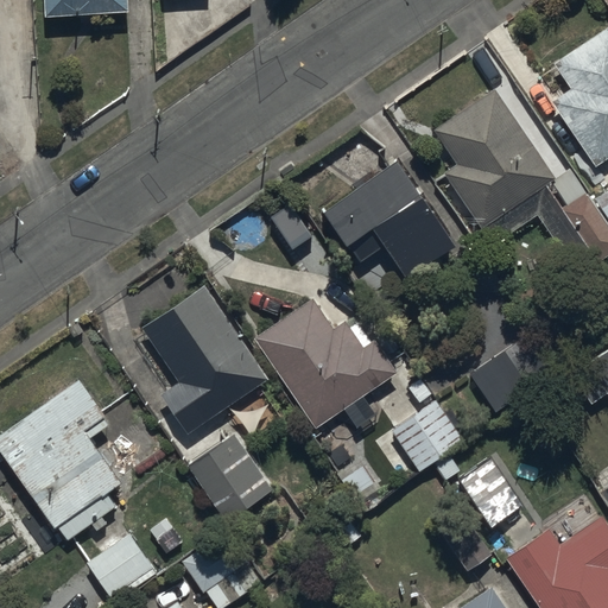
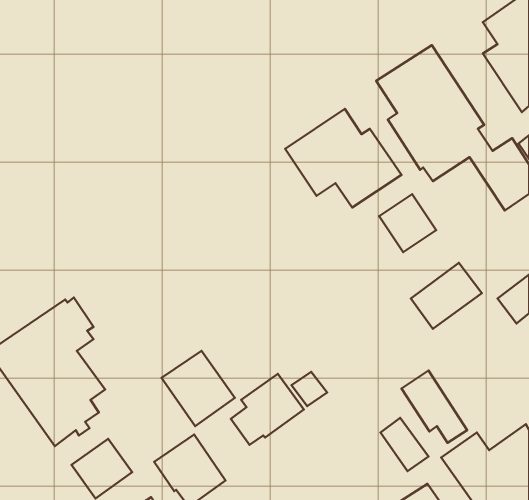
building: none -> [379,194,436,252]
building: [142,285,267,431] -> none
building: [254,297,397,428] -> none
building: [381,403,464,483] -> [231,374,304,445]

